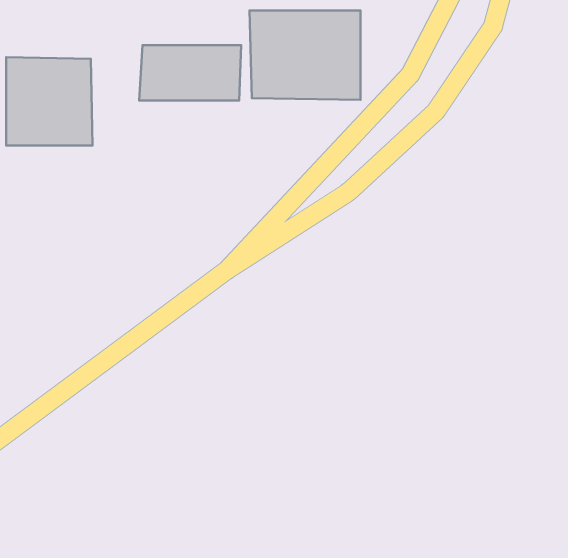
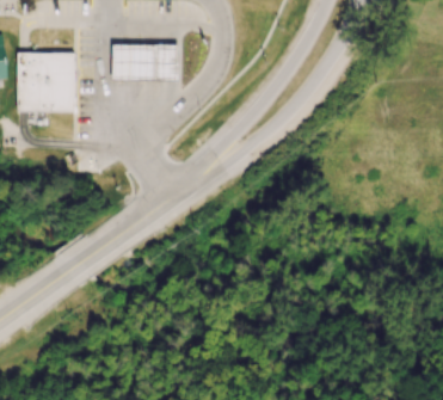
building: [250,10,361,100] -> none

